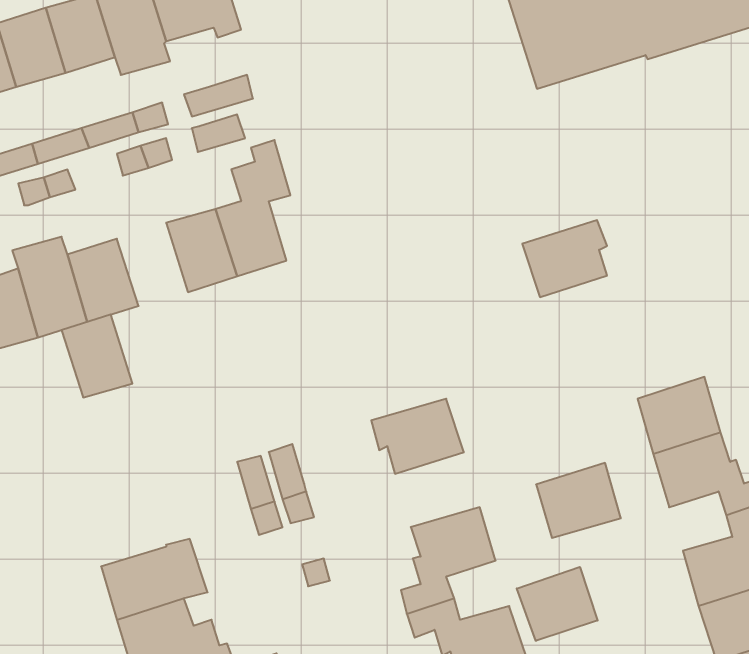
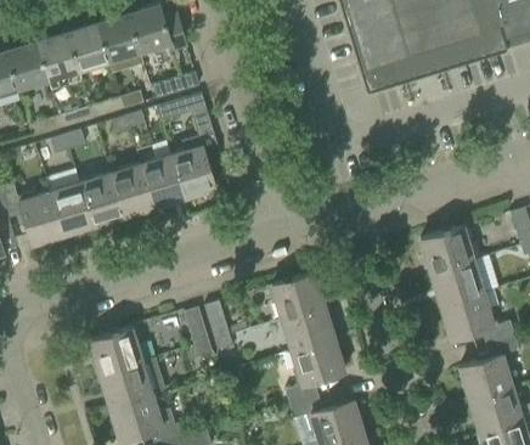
building: [522,220,607,297] -> [421,225,473,272]
building: [61,314,132,397] -> [111,164,154,215]
building: [536,463,621,538] -> [282,305,334,351]
building: none -> [90,326,141,376]
building: [517,567,598,641] -> none

